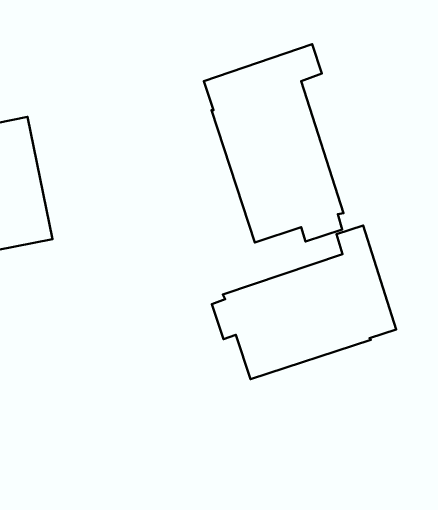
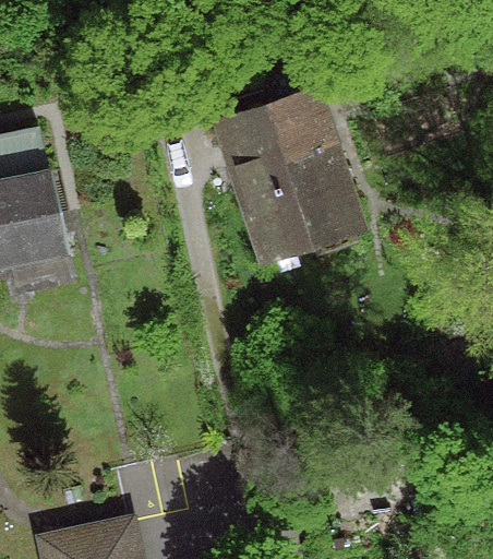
building: [212,225,396,379] -> none

